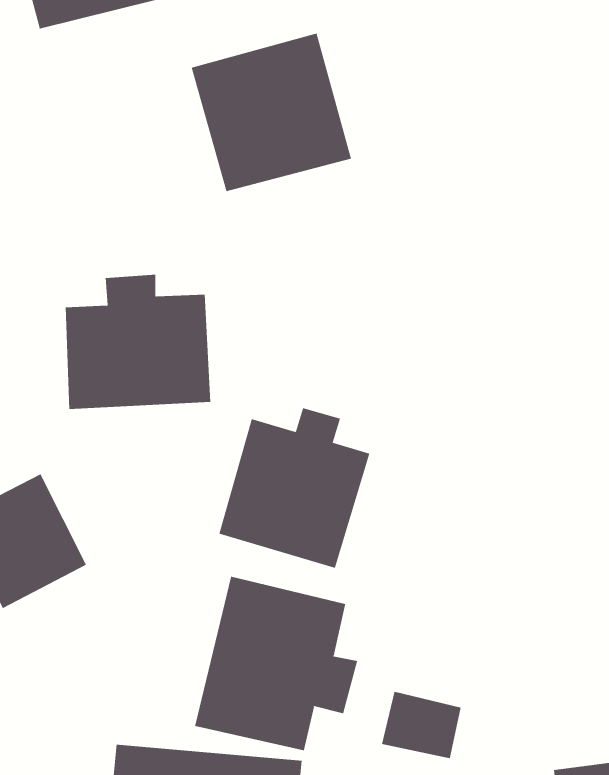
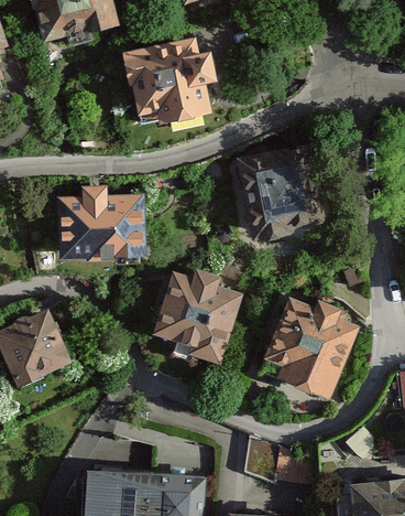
building: none -> [238,144,322,235]
building: none -> [264,302,353,394]
building: [194,576,358,751] -> none

